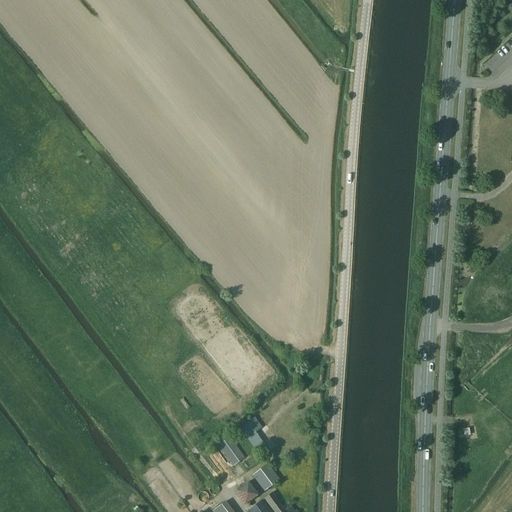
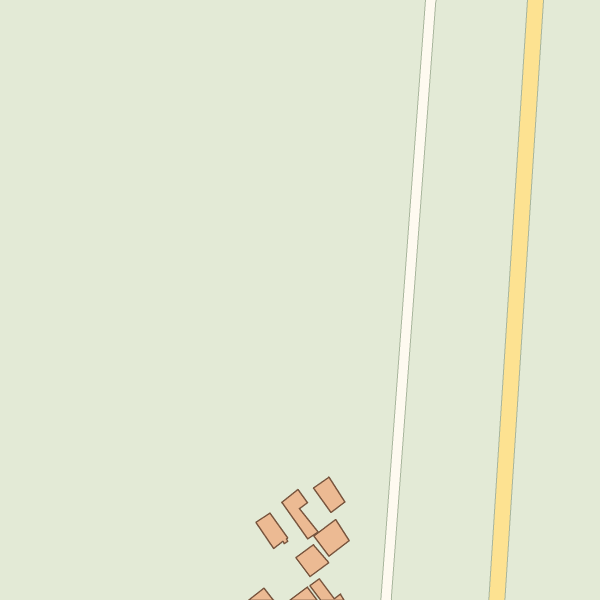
building: none -> [314,477,345,512]
building: none -> [314,520,349,556]

